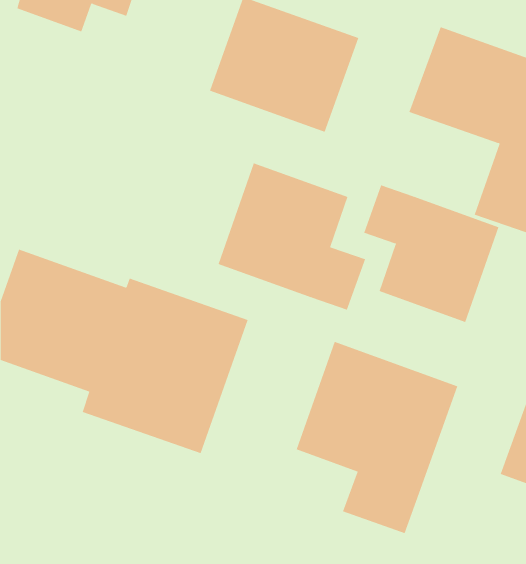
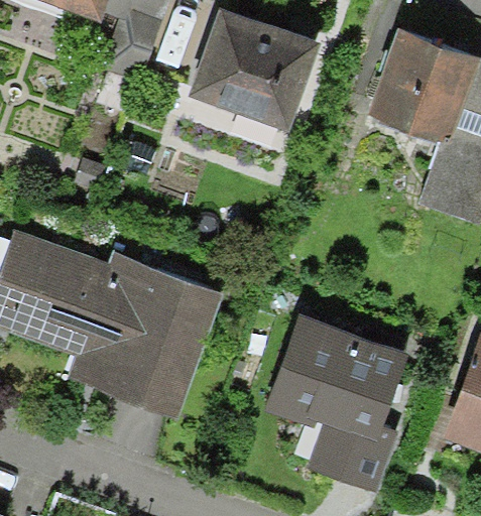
building: [218,162,366,311] -> none
building: [363,184,499,323] -> none

